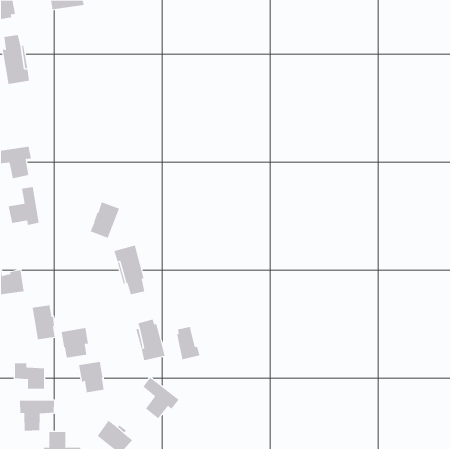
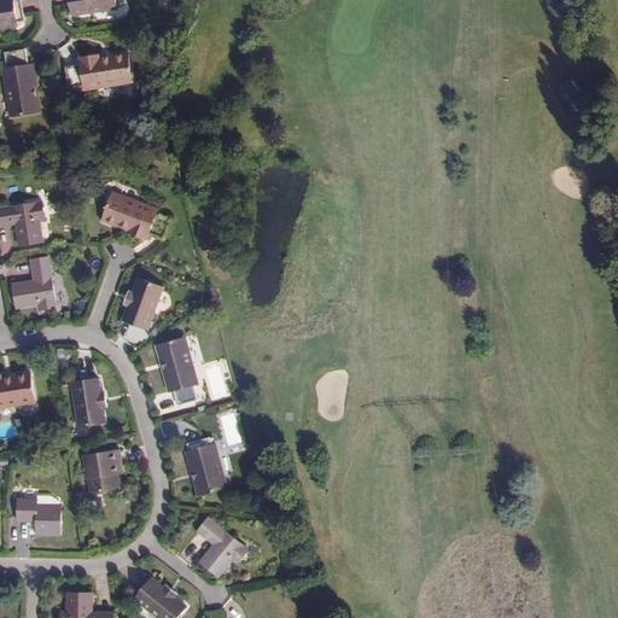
building: none -> [65,53,133,91]
building: none -> [101,191,169,239]
building: [32,305,56,340] -> [71,377,104,425]
building: [176,326,200,360] -> none
building: [79,361,104,393] -> none
building: [19,400,55,431] -> none

